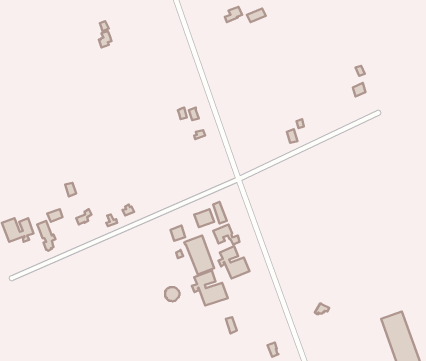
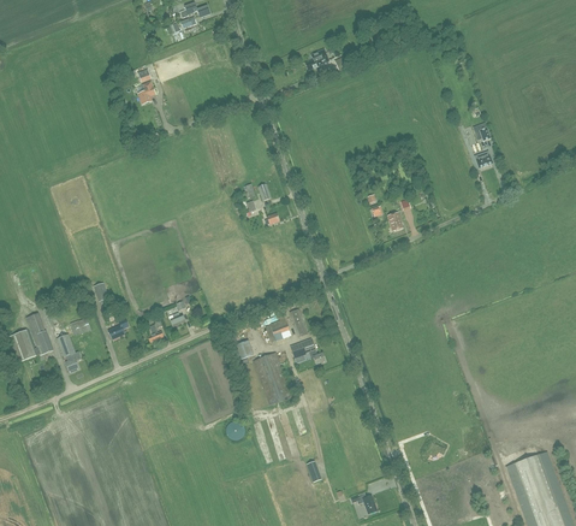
building: [219,246,250,278] -> none
building: [192,270,228,306] -> none

